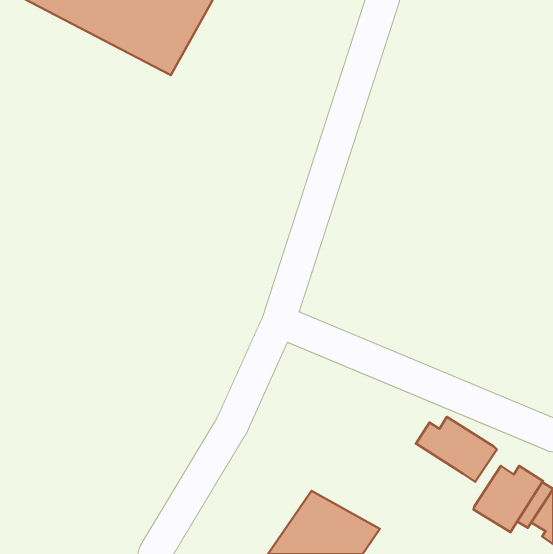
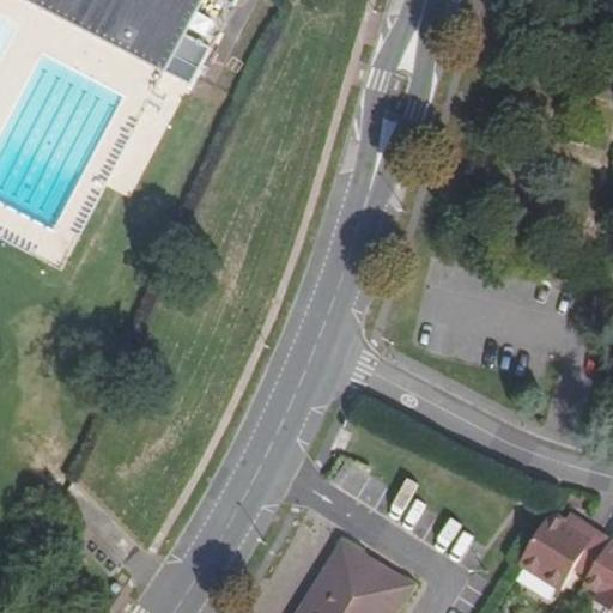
building: [416,417,497,482] -> none

